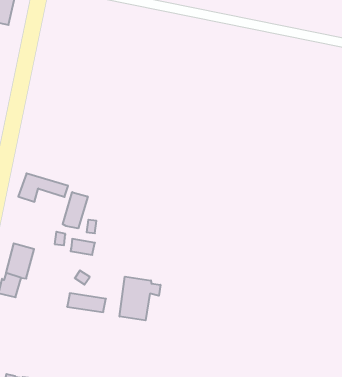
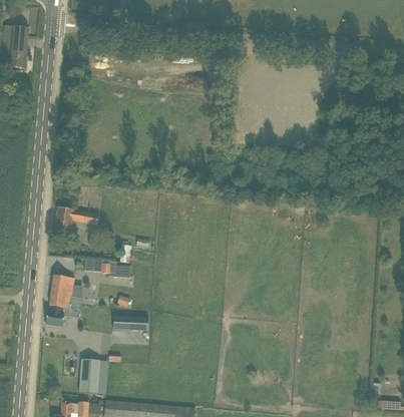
building: [63,192,88,228] -> none
building: [120,277,160,320] -> none
building: none -> [79,358,100,393]

